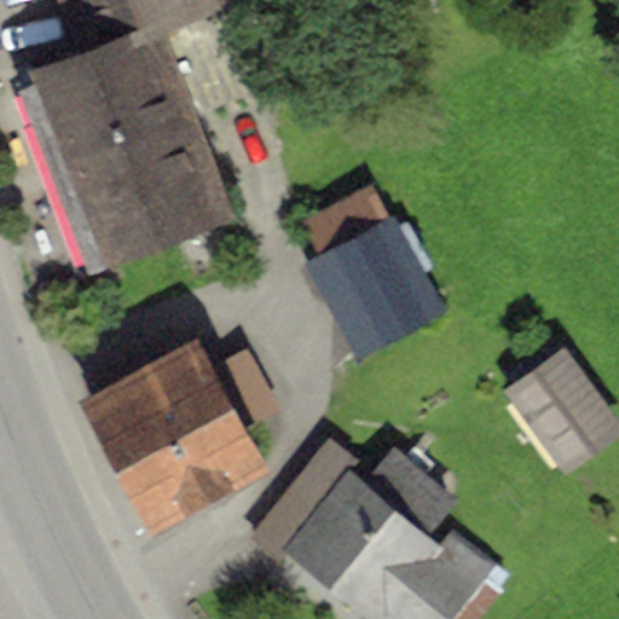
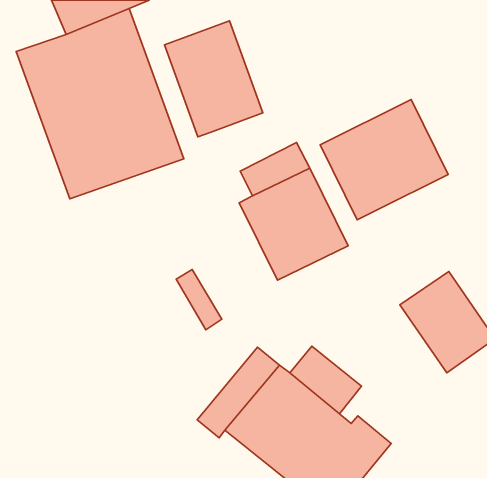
building: none -> [164,21,263,137]
building: none -> [320,99,448,220]
building: [82,332,272,525] -> none

